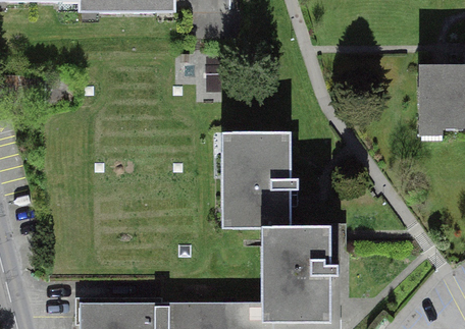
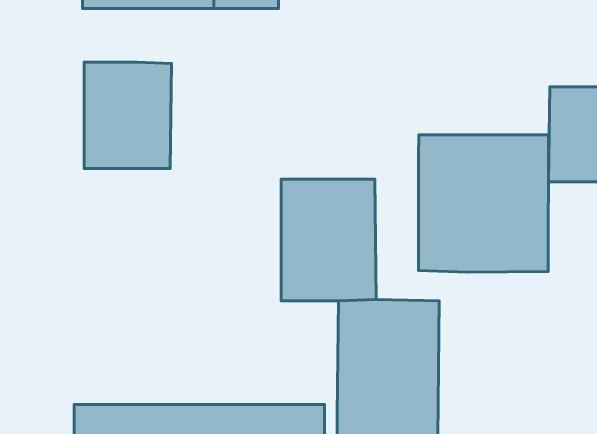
building: none -> [84,62,171,169]
building: none -> [418,135,549,272]

